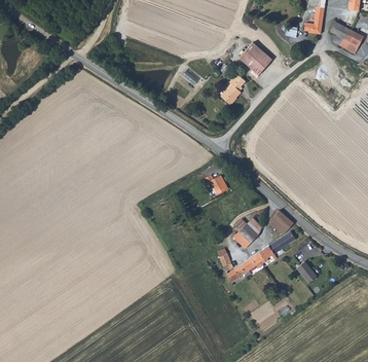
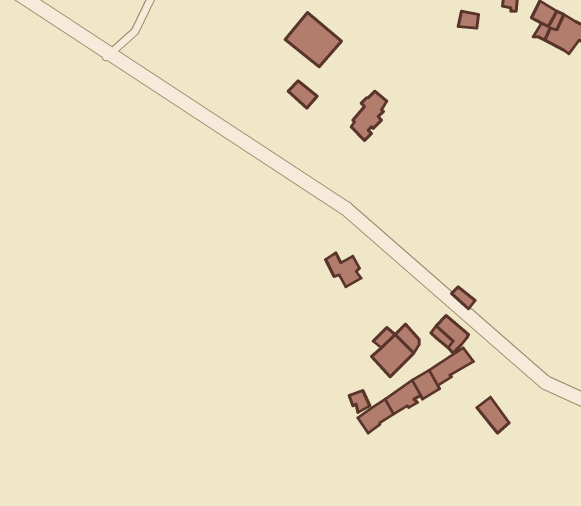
building: [237,41,271,74] -> [285,12,341,67]

